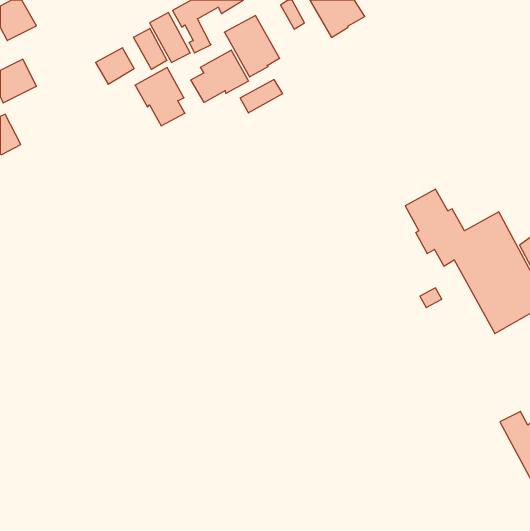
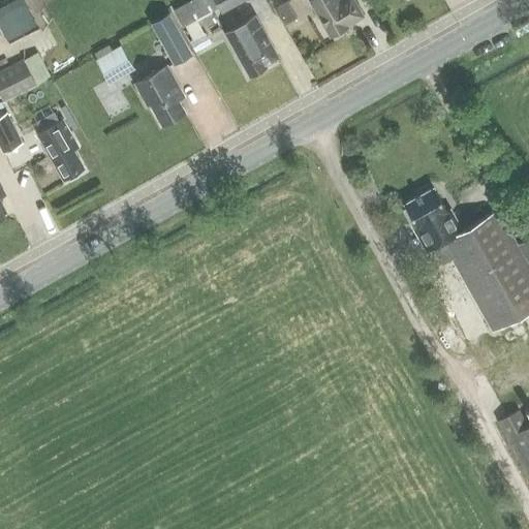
building: [134,28,167,69] -> none
building: [191,50,249,102] -> none
building: [240,80,282,113] -> none
building: none -> [35,112,85,180]

